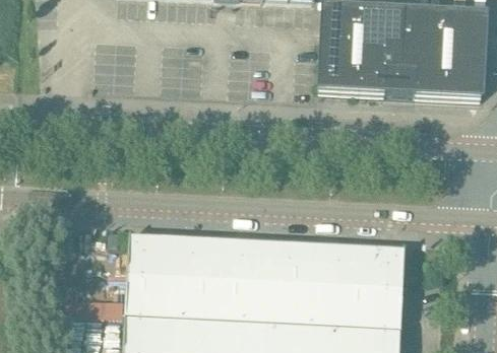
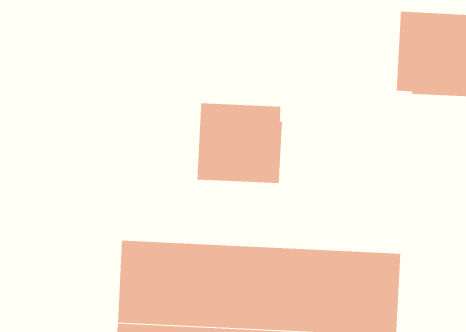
building: [318,8,403,93] -> none
building: none -> [197,102,282,184]

